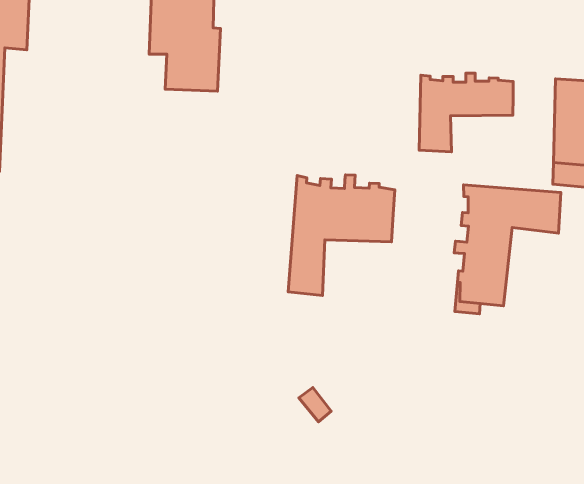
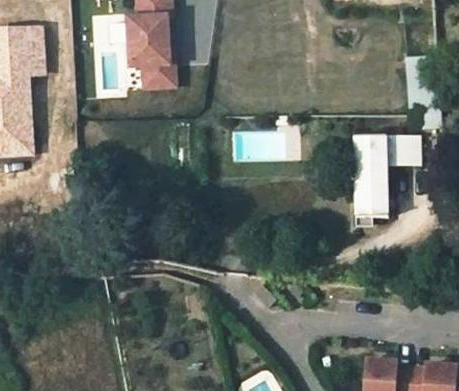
building: [419,73,513,152] -> none
building: [288,175,395,296] -> none

